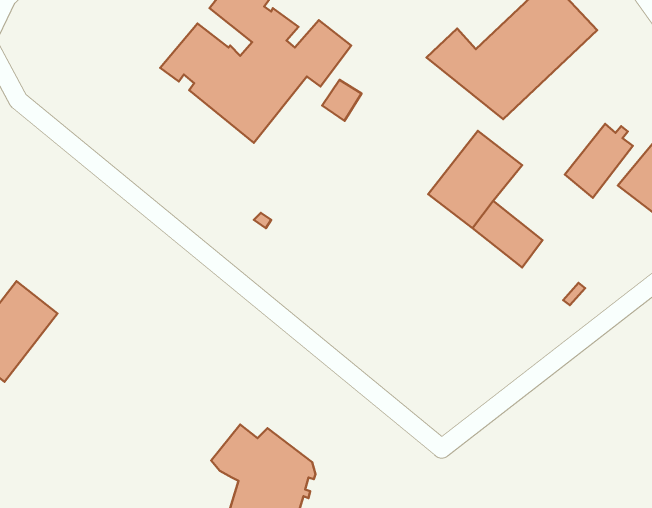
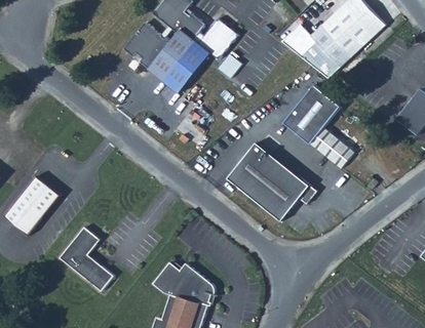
building: [565,124,633,198] -> none
building: none -> [225,142,314,220]
building: none -> [59,227,113,292]

